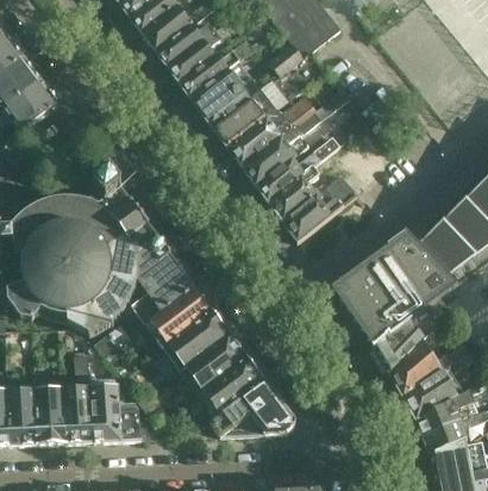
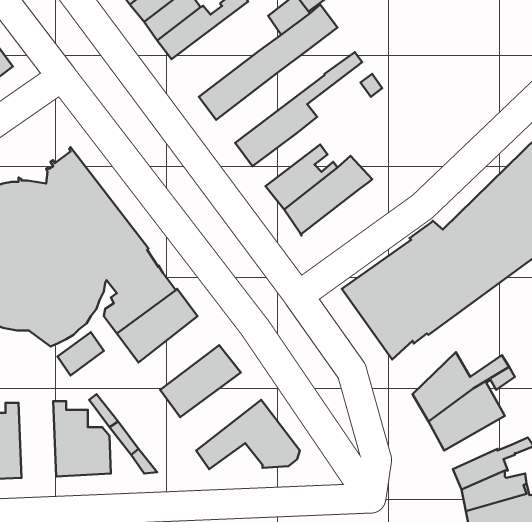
building: [190,60,263,128] -> none
building: [227,94,317,166] -> none
building: [257,138,339,201] -> none
building: [373,302,449,373] -> none
building: [163,309,230,369] -> none
building: [64,353,98,442] -> none
building: [198,355,264,416] -> none
building: [415,387,476,435] -> none

